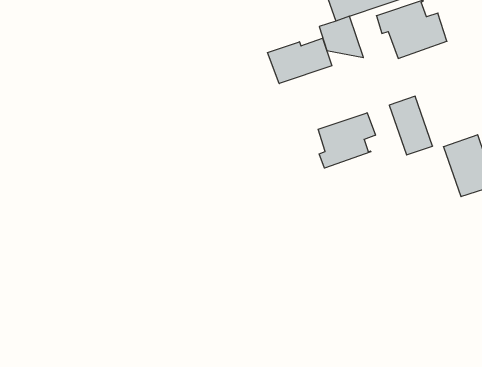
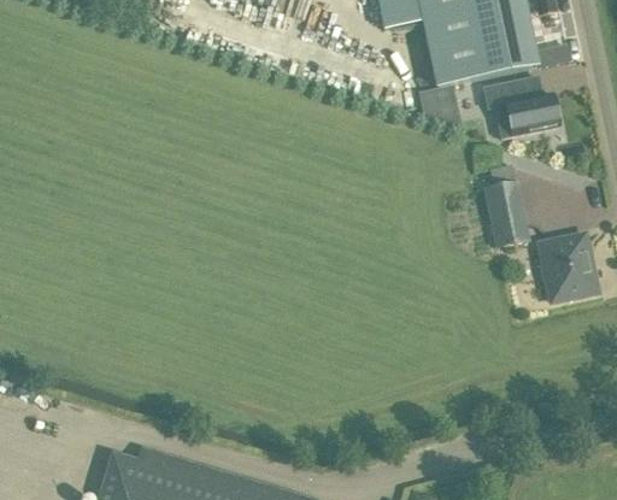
building: [268,38,332,84] -> none
building: [318,113,375,168] -> none

